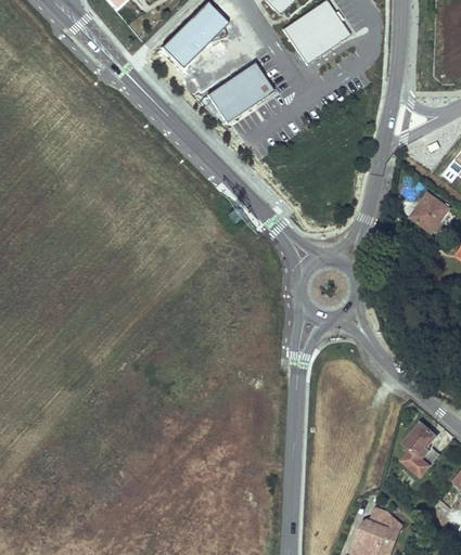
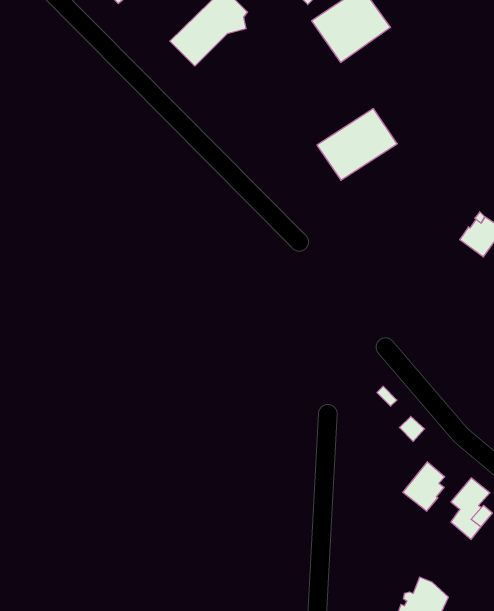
building: [205,59,274,120] -> [317,109,397,180]
building: none -> [403,462,445,511]

